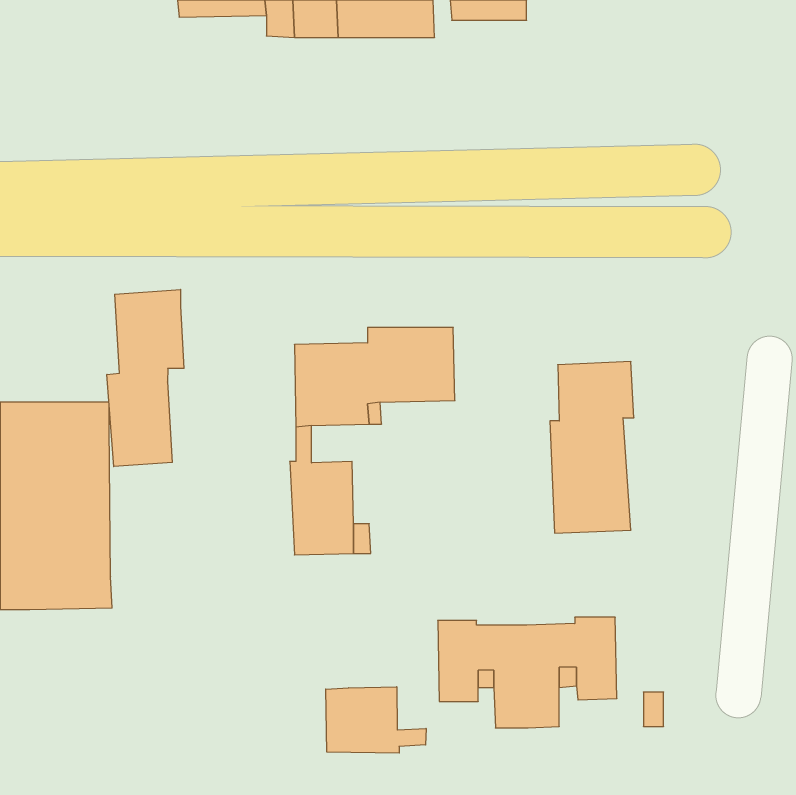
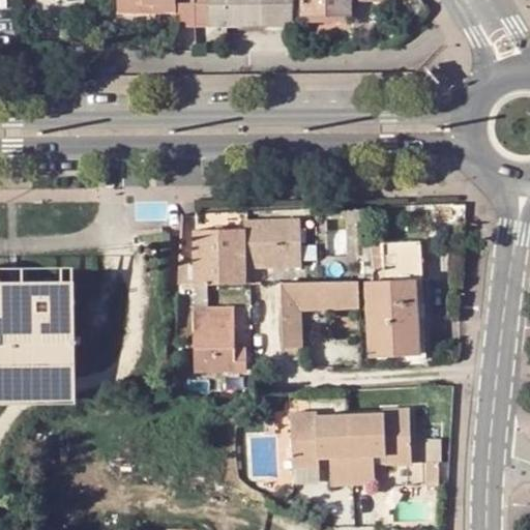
building: [107,289,184,467] -> none
building: none -> [281,281,360,347]
building: [326,687,426,753] -> none

